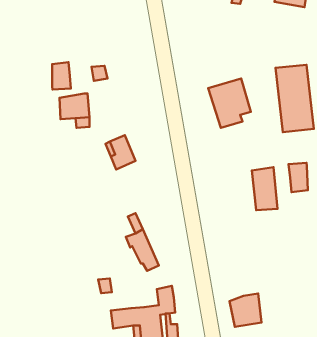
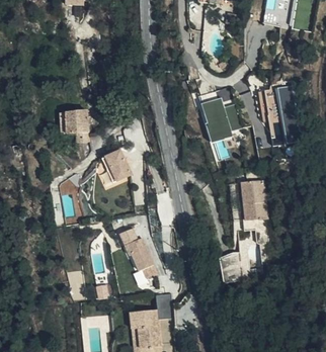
building: [52,62,71,90] -> none
building: [289,163,308,192] -> none
building: [229,294,262,327] -> [219,251,249,282]

